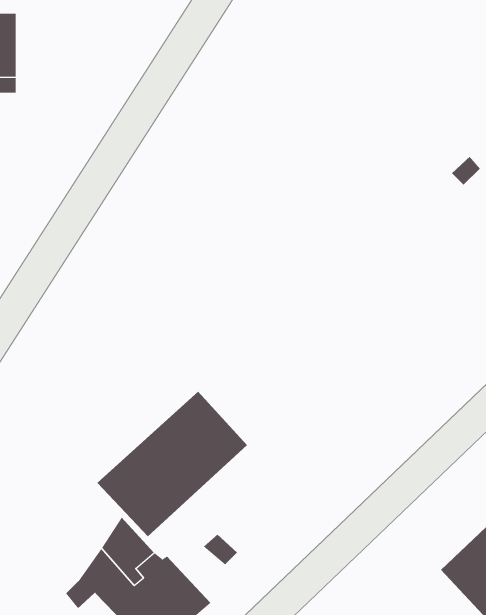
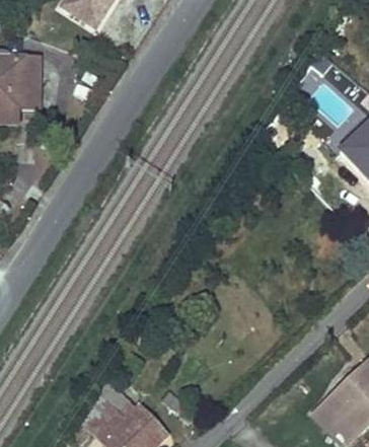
building: [96,391,248,537] -> none

